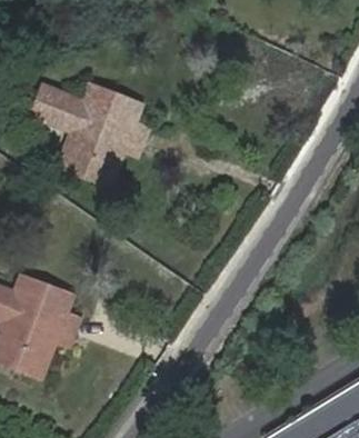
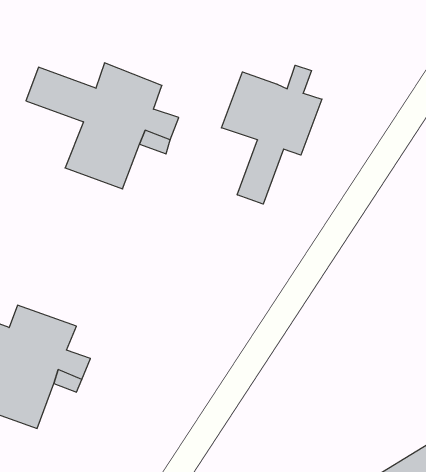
building: none -> [221,65,322,204]

